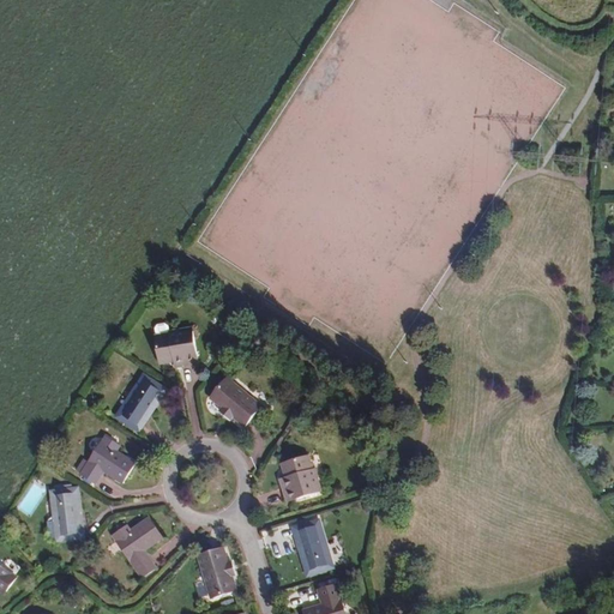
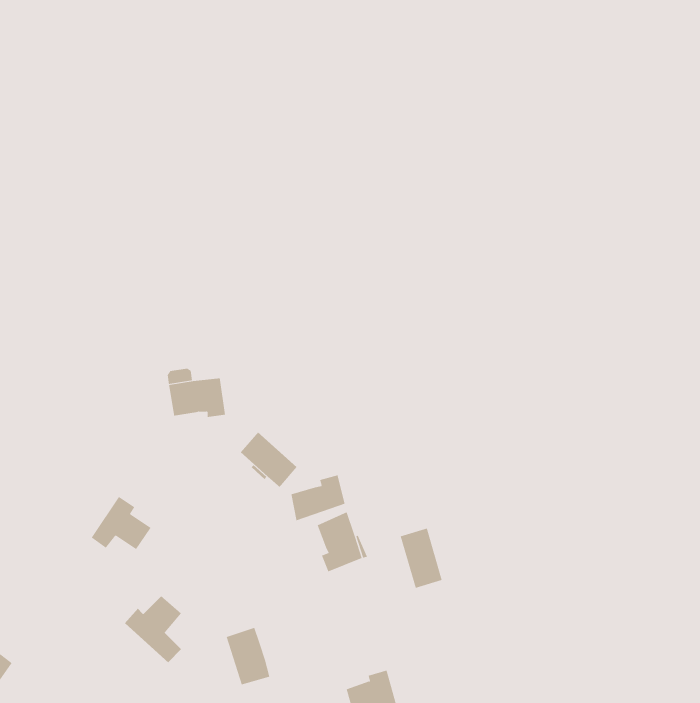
building: [115,375,162,427] -> none
building: none -> [291,475,345,521]
building: [48,493,80,542] -> none
building: [297,519,335,572] -> [400,528,443,588]

